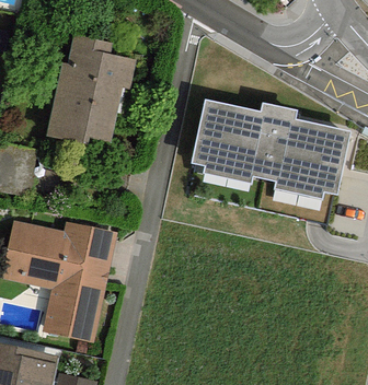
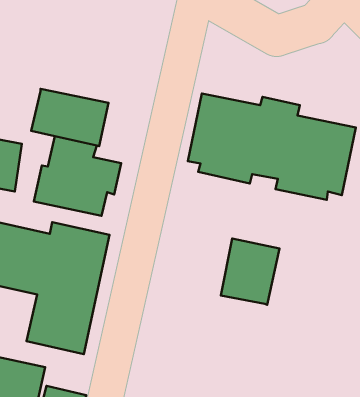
building: [54,34,136,108] -> [34,136,121,216]
building: none -> [221,239,280,305]

